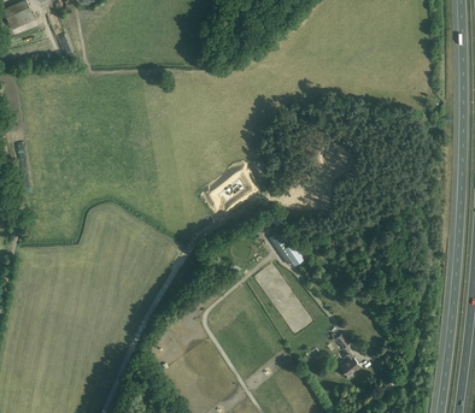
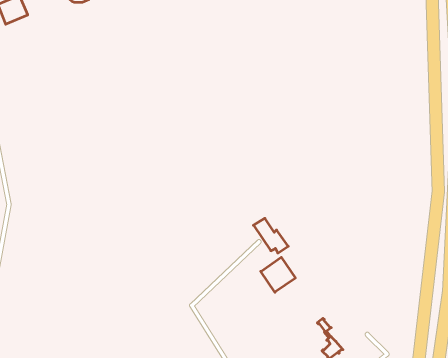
building: none -> [261,257,295,292]

